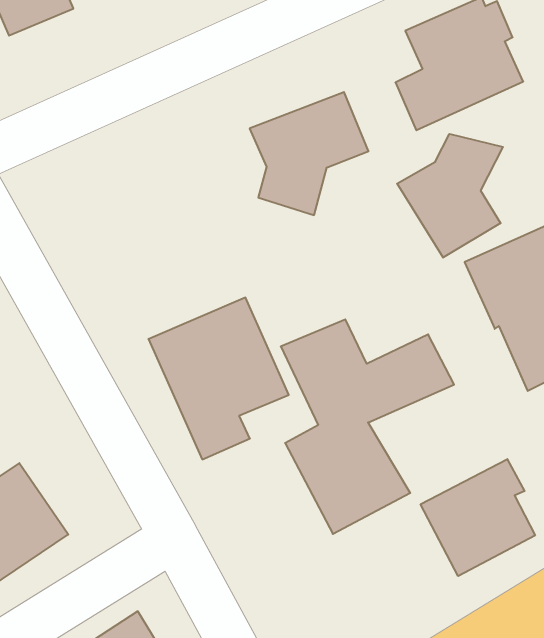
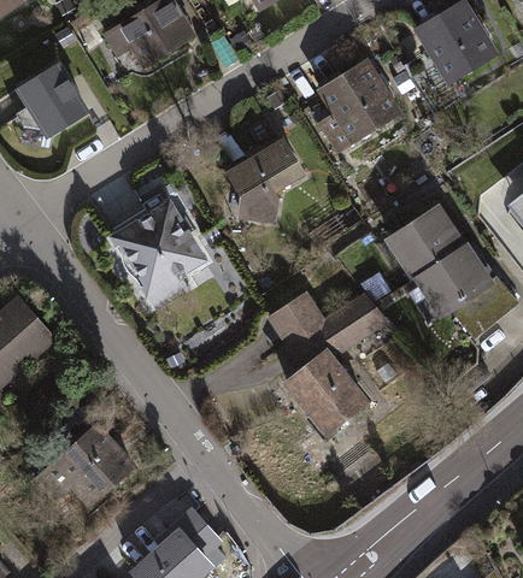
building: [397,134,503,258] -> none
building: [148,298,289,459] -> [105,196,206,311]
building: [421,459,535,576] -> none

